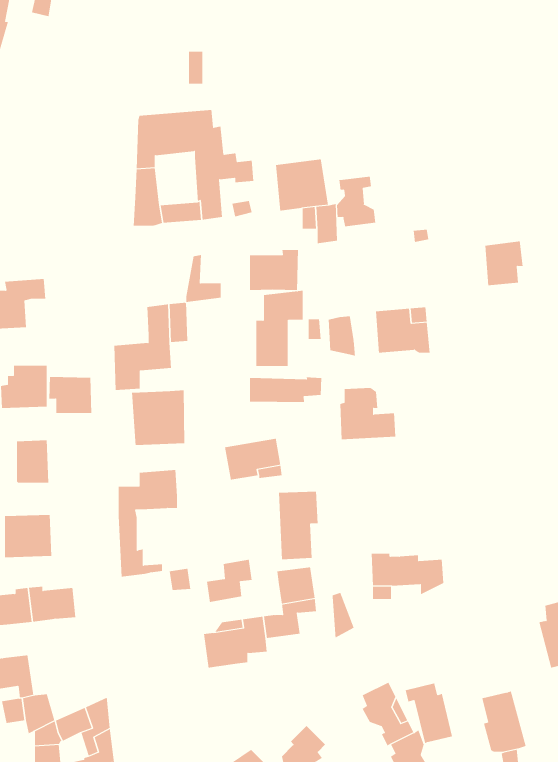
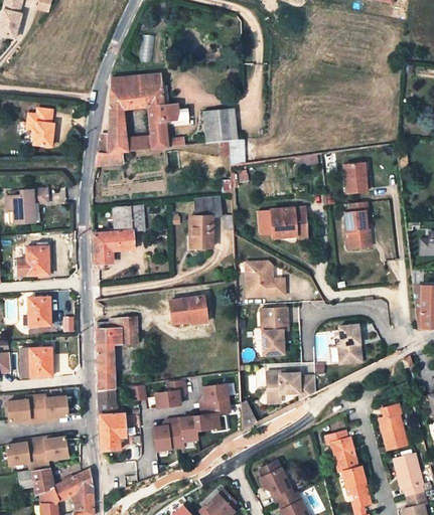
building: none -> [30,109,56,147]
building: [336,176,376,227] -> none
building: [249,249,298,291] -> none
building: [185,255,221,302] -> [97,134,121,166]
building: none -> [344,202,372,248]
building: [328,316,356,357] -> none
building: [49,376,92,414] -> none
building: [250,377,322,403] -> none
building: [131,390,185,446] -> none
building: none -> [338,324,361,363]
building: [278,491,318,560] -> [260,308,287,354]
building: none -> [99,387,125,451]
building: none -> [36,438,68,469]
building: [405,683,453,744] -> [326,431,358,472]

